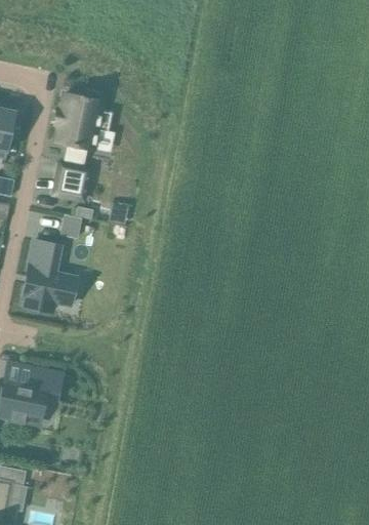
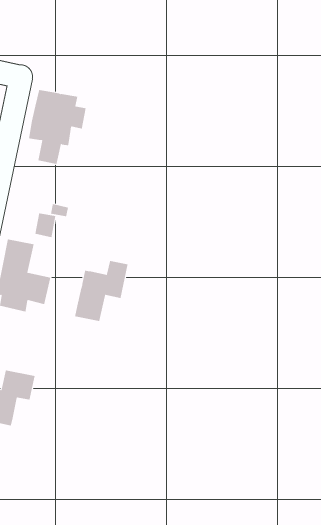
building: [53,163,90,201] -> none
building: none -> [75,260,128,322]

